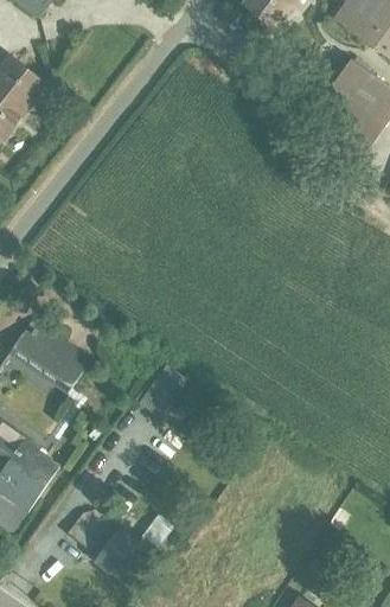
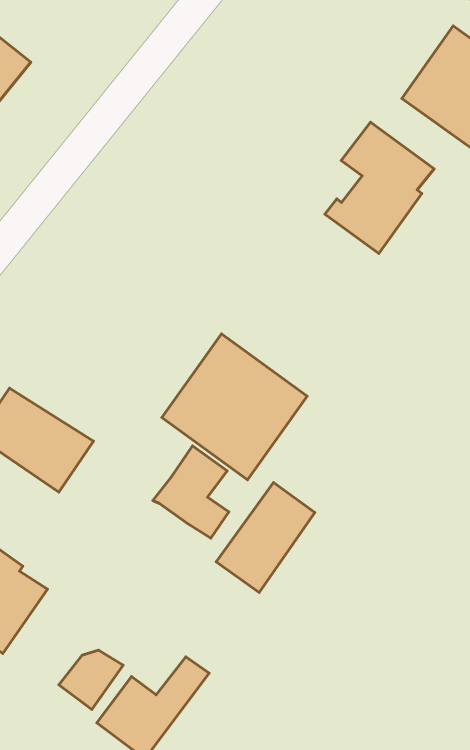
building: none -> [325,122,434,253]
building: none -> [162,334,307,480]
building: none -> [216,483,315,592]

